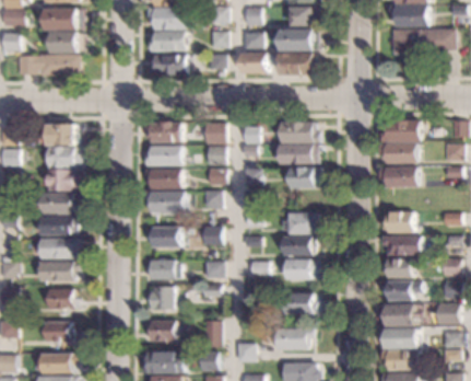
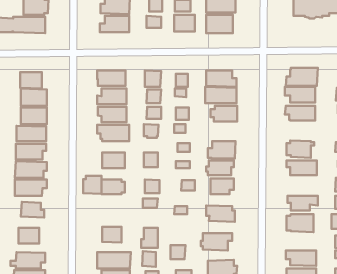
building: [382,258,411,277] -> none
building: [148,287,170,310] -> [83,176,101,194]
building: [380,328,419,348] -> none

